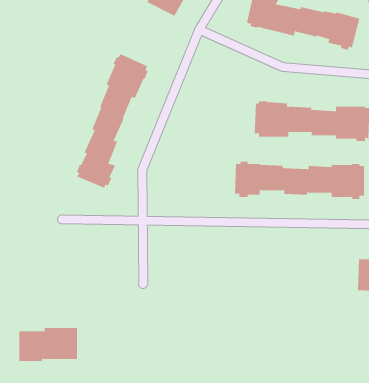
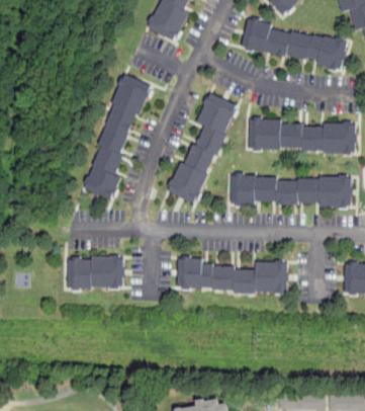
building: none -> [167,94,236,202]
building: none -> [177,258,286,294]
building: [19,328,78,362] -> [68,257,122,289]

